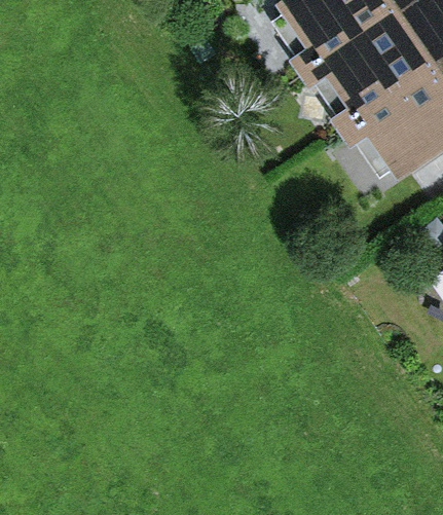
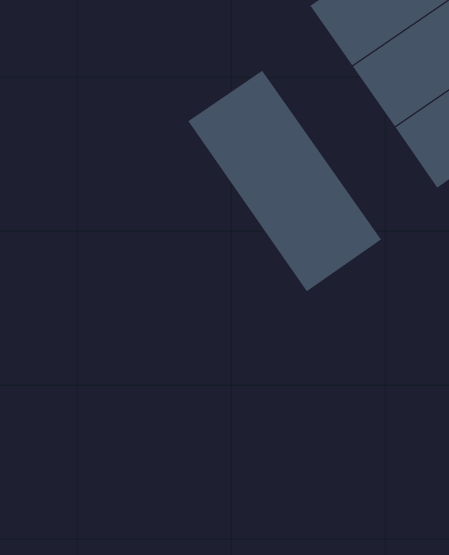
building: none -> [188,70,382,292]

